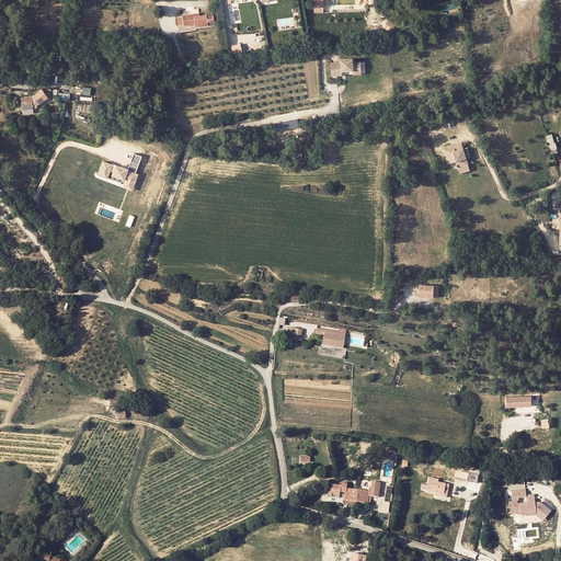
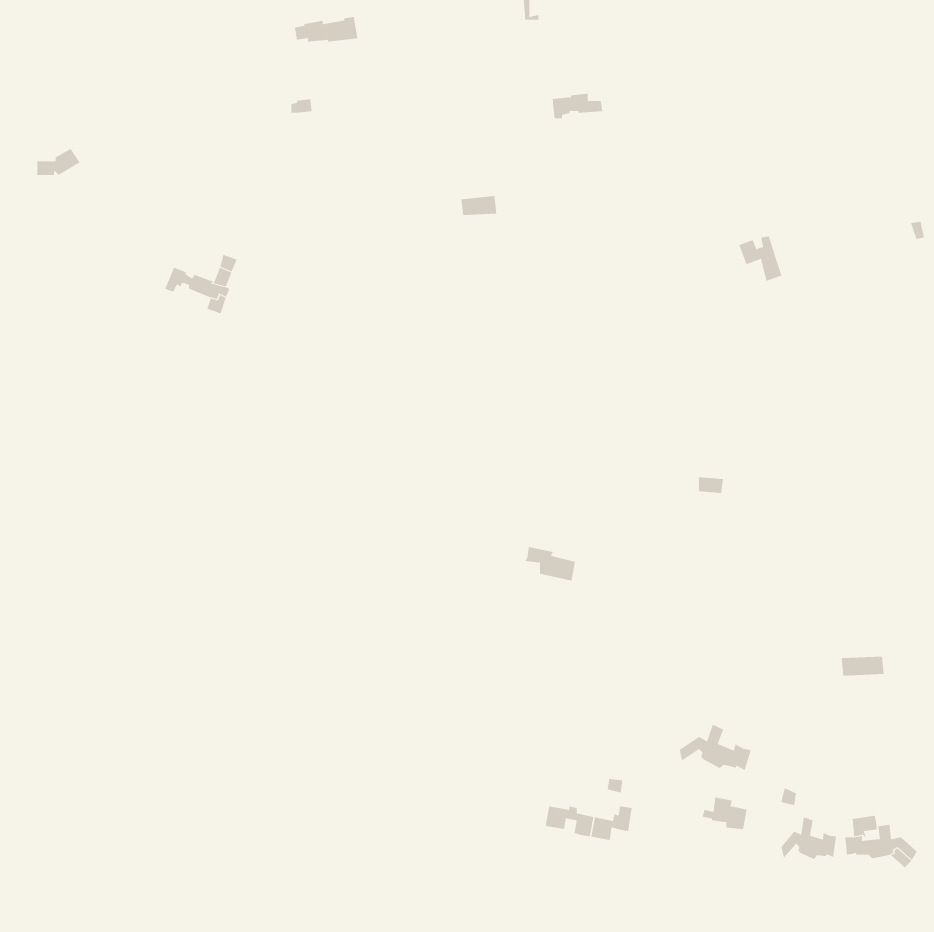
building: none -> [679,724,752,771]
building: none -> [781,817,837,860]

